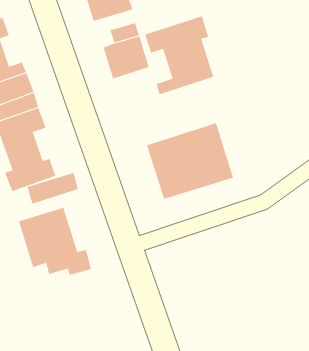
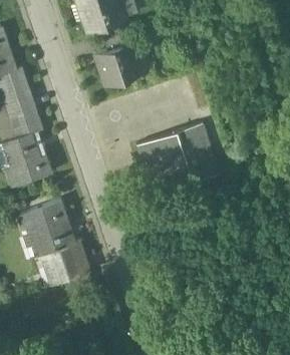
building: [145,16,214,95] -> none
building: [27,172,79,205] -> none
building: none -> [46,260,91,286]

